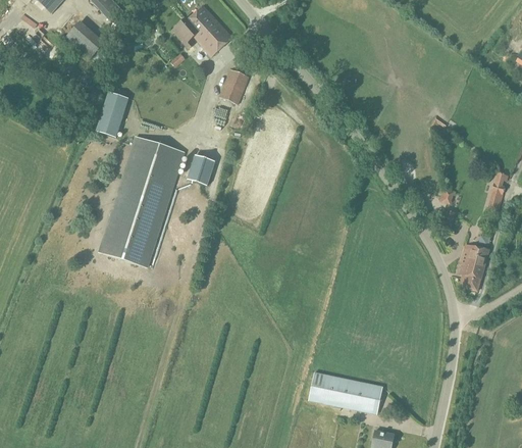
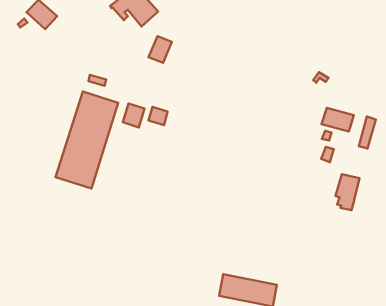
building: [95,92,127,138] -> none
building: none -> [148,107,168,125]
building: none -> [322,108,354,131]

